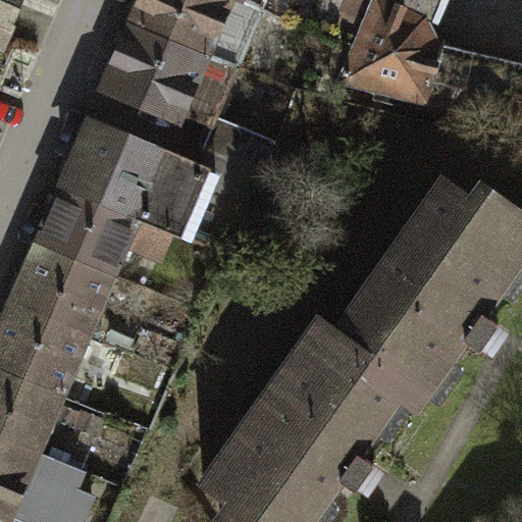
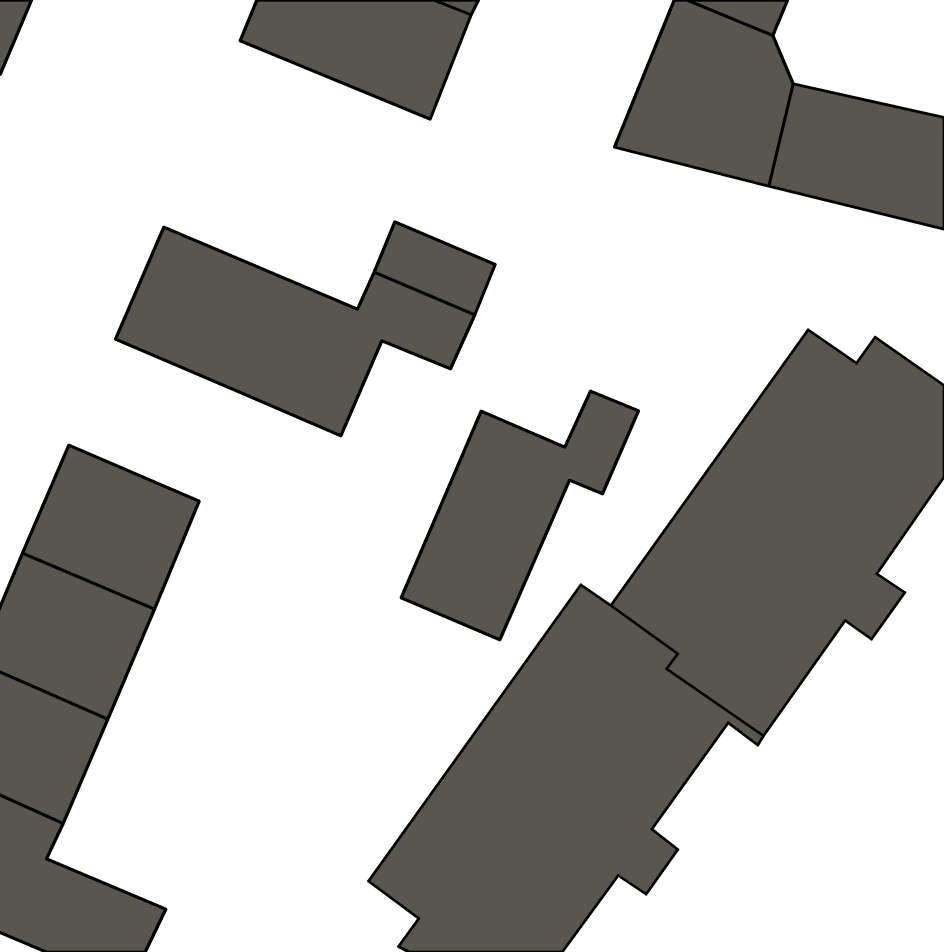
building: [105,22,236,127] -> none
building: [38,186,135,274] -> none
building: none -> [401,391,639,640]

